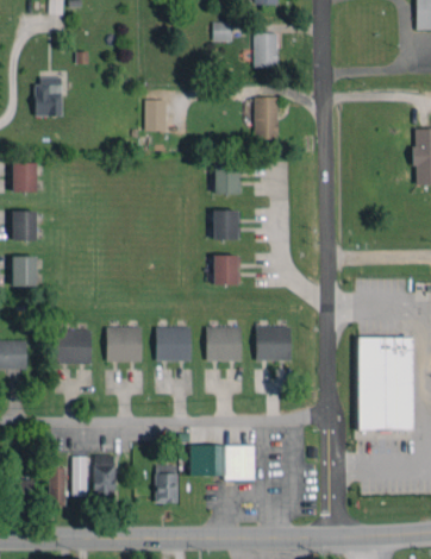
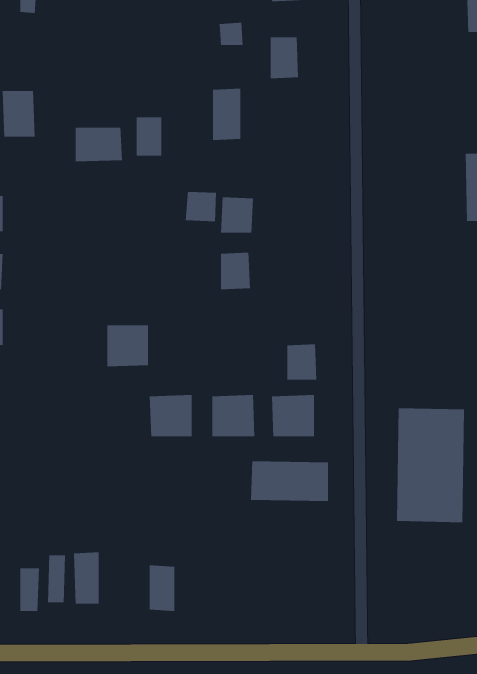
building: [255,96,279,139] -> [212,88,241,141]
building: none -> [75,127,122,162]
building: none -> [185,191,217,222]
building: [214,255,239,284] -> [287,344,317,380]
building: [107,327,142,362] -> [106,325,149,367]
building: [57,329,93,364] -> none
building: [190,445,255,478] -> [250,461,329,502]

